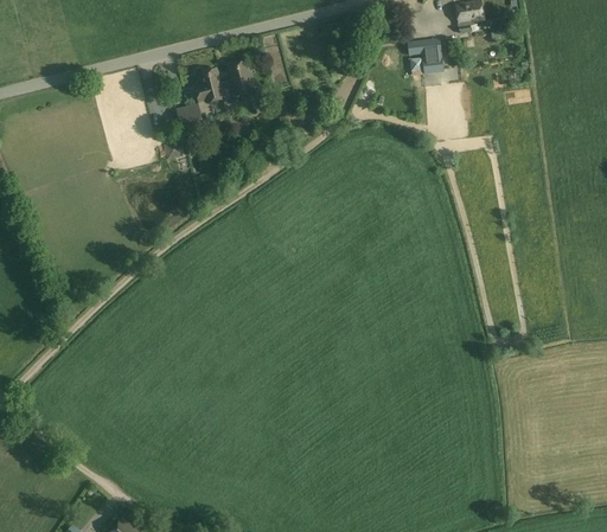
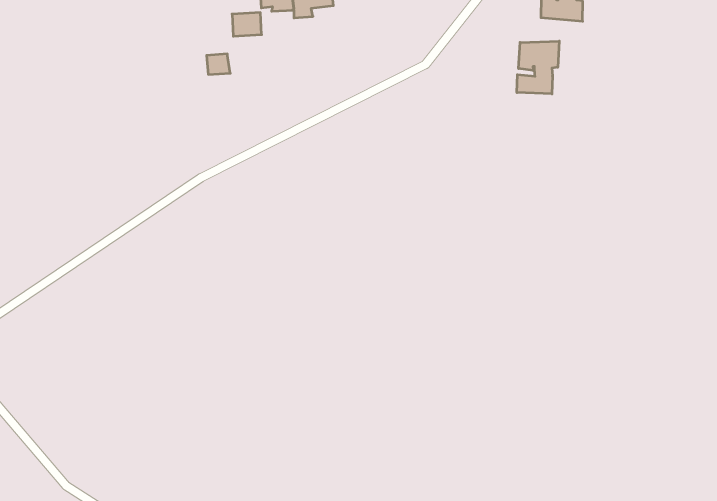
building: none -> [517,41,559,94]

